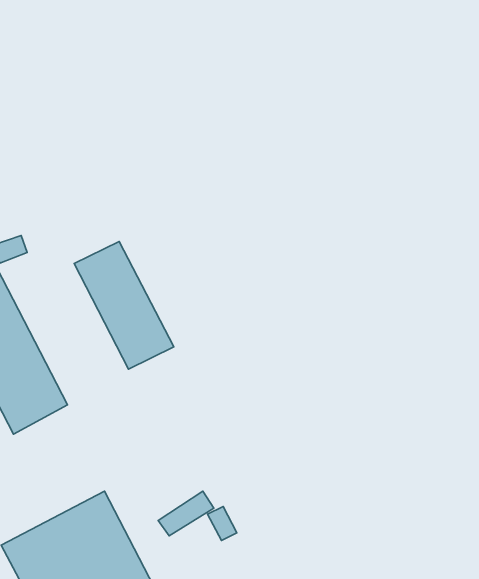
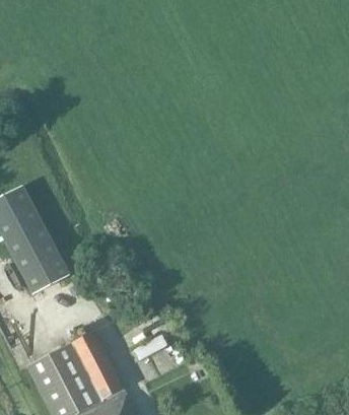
building: [74,241,174,369] -> none

